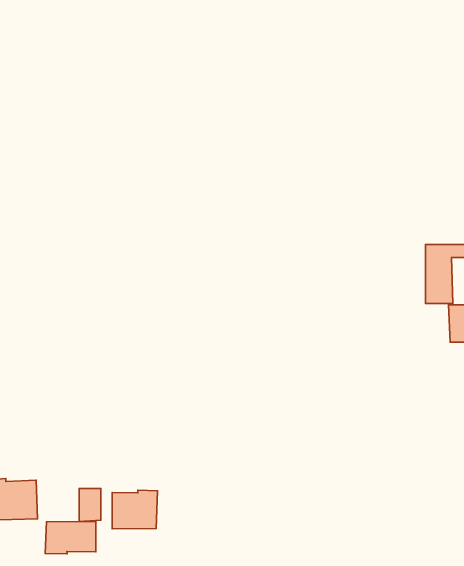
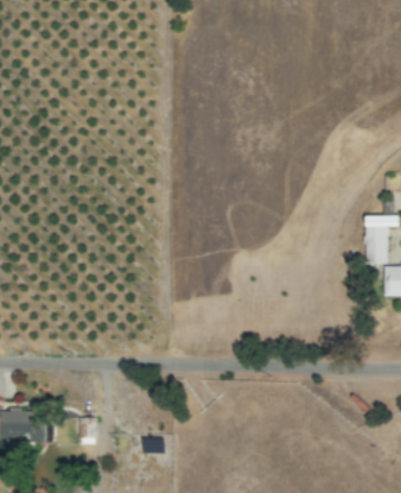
building: [112,490,157,529] -> none
building: [45,522,96,554] -> none

